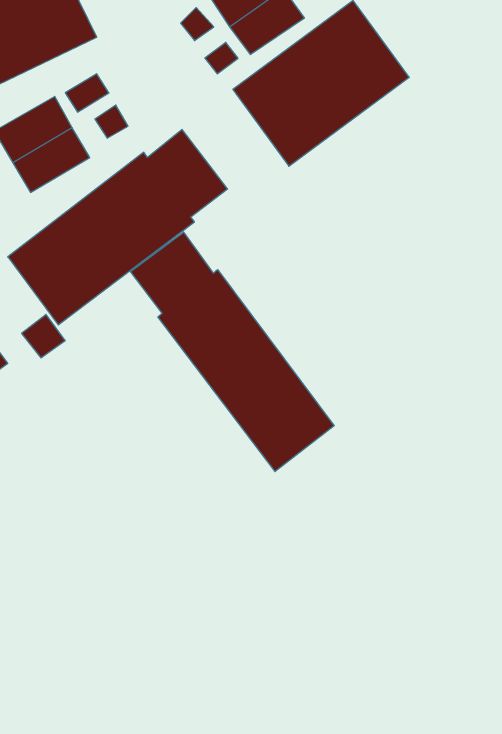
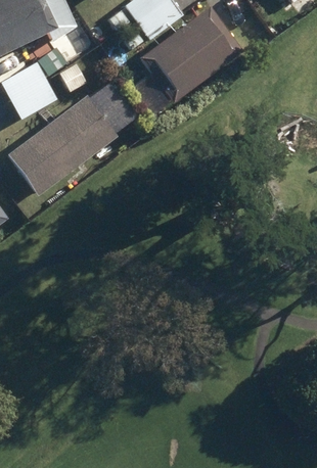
building: [131,232,334,472] -> none

